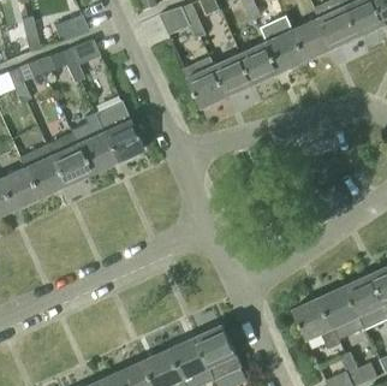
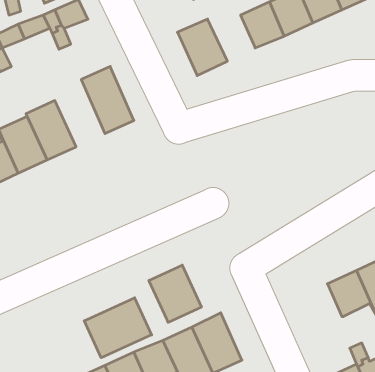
building: [209,53,252,95] -> none
building: [70,112,115,173] -> none
building: none -> [149,265,201,322]
building: [292,298,340,349] -> none
building: none -> [84,298,152,358]

